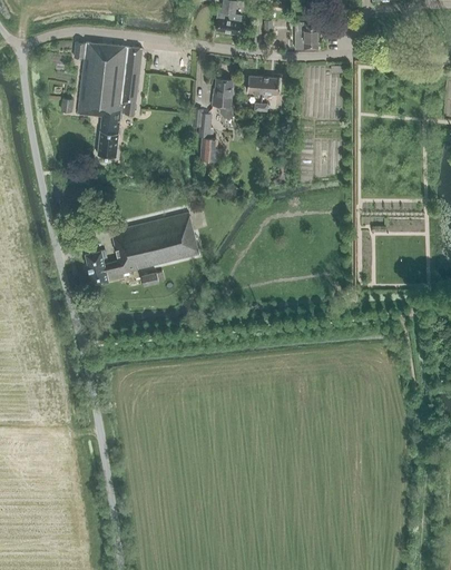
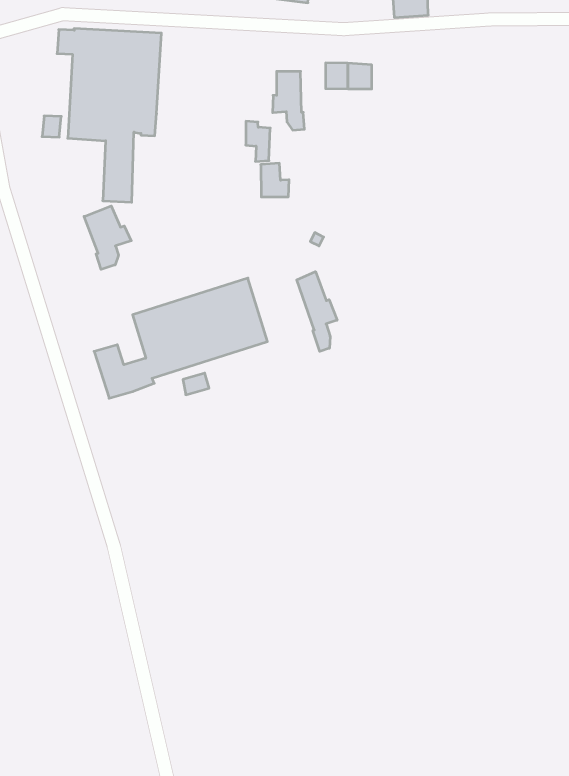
building: none -> [84,206,131,269]
building: none -> [297,272,337,351]

